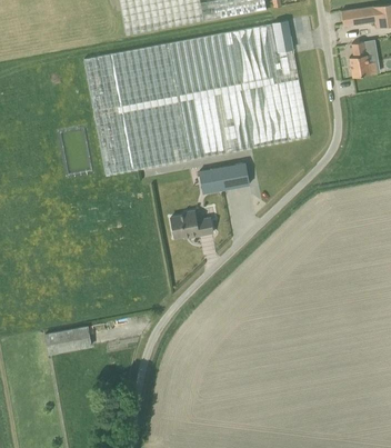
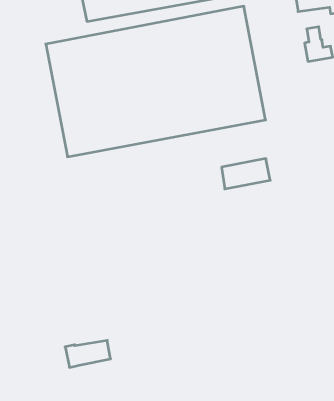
building: [200,161,250,192] -> [222,159,270,189]
building: [170,209,213,237] -> none
building: [44,326,91,354] -> [65,340,111,367]

